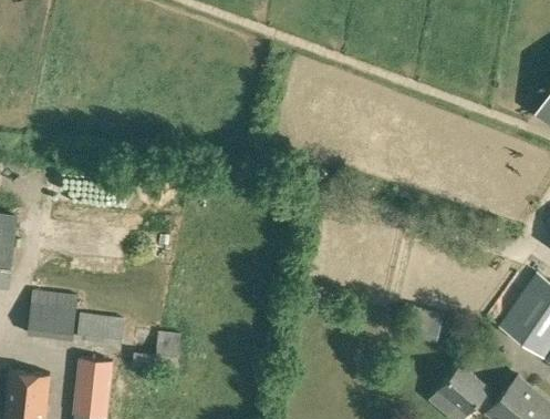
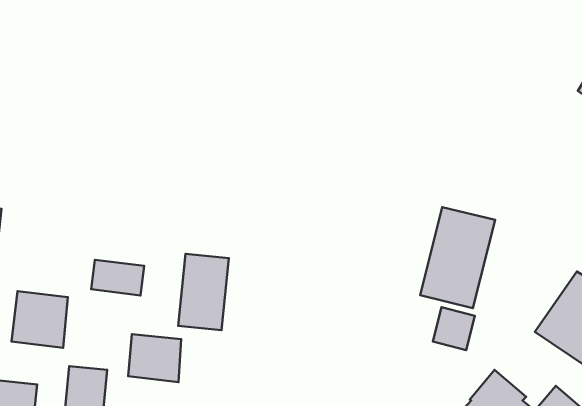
building: none -> [420,207,495,308]
building: none -> [178,254,229,330]
building: [76,314,124,346] -> [91,260,144,295]

